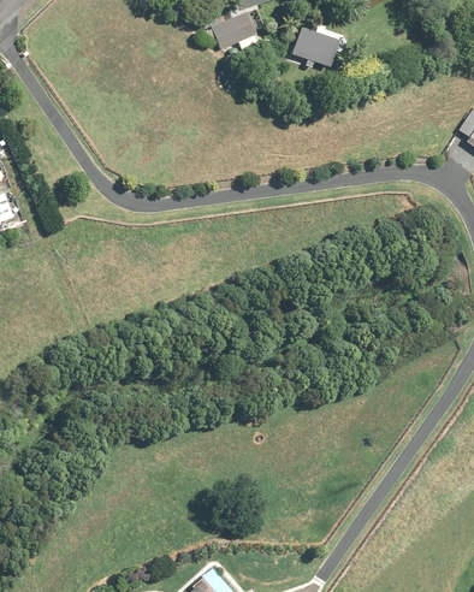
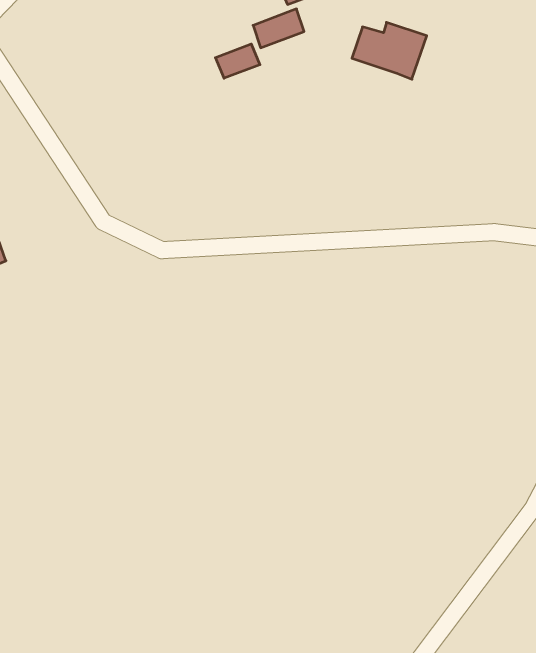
building: none -> [215,44,260,78]

